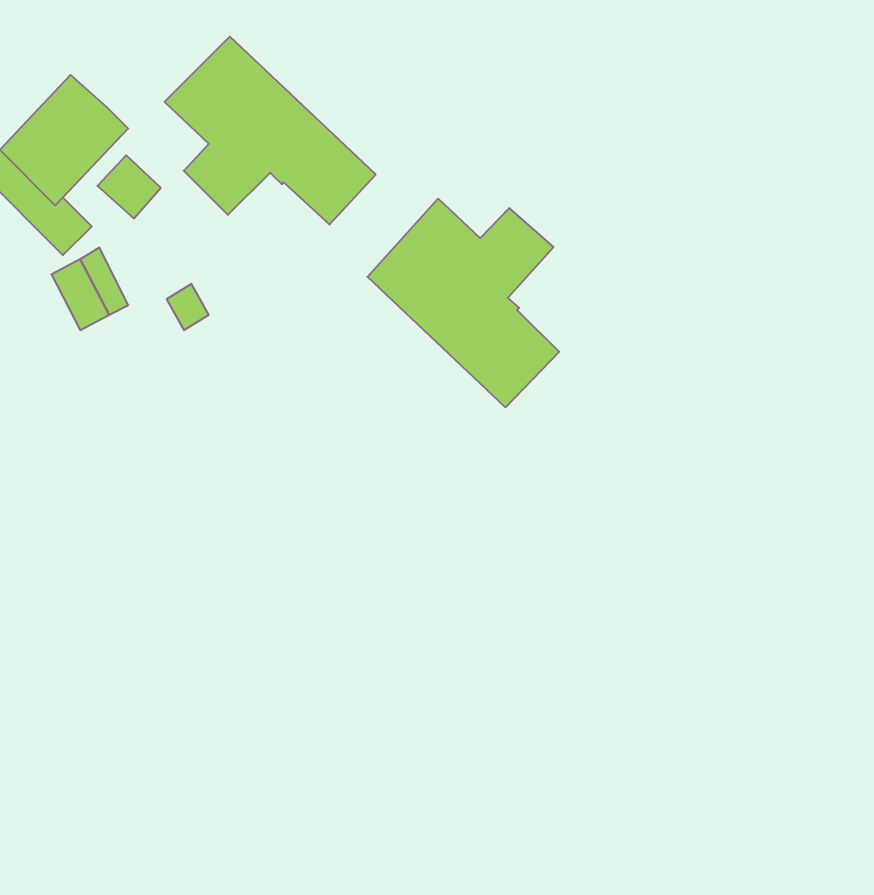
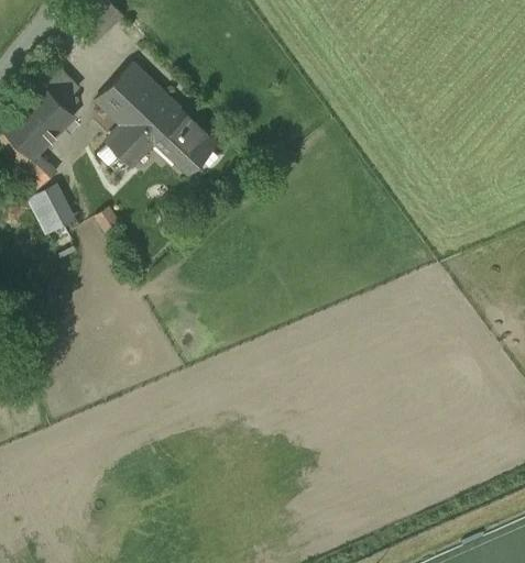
building: [97,155,161,219] -> [42,69,78,106]
building: [367,199,559,407] -> none

